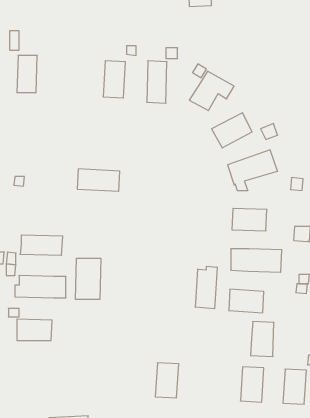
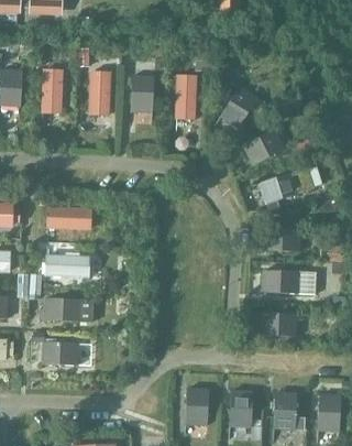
building: none -> [90,68,109,113]
building: [77,169,120,191] -> [47,207,91,230]
building: [75,258,101,299] -> none
building: [195,266,217,309] -> none
building: [251,322,274,357] -> [229,390,253,426]

